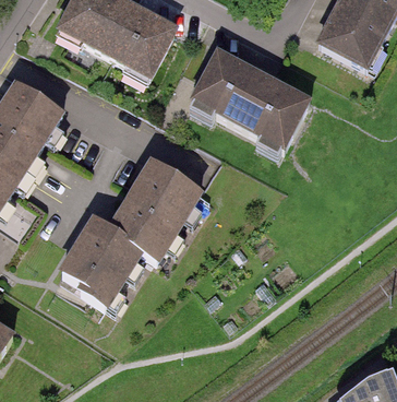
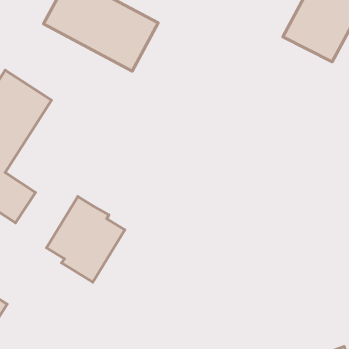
building: [188,46,312,150] -> none
building: [108,157,203,261] -> none

